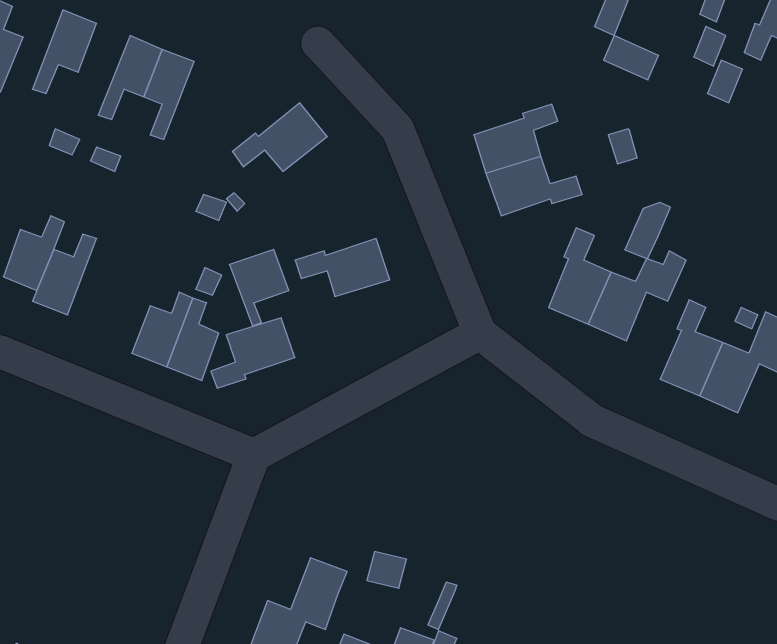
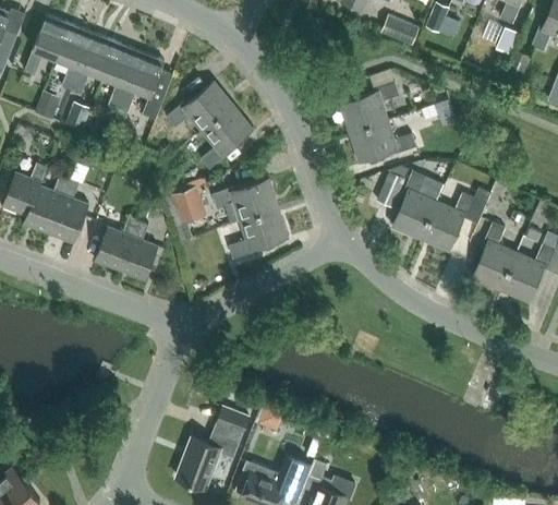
building: none -> [57,25,94,91]
building: [604,36,659,80] -> [380,14,420,46]
building: none -> [118,52,173,119]
building: none -> [201,106,253,169]
building: [625,202,670,259] -> [376,167,409,207]
building: none -> [49,179,88,243]
building: [211,318,295,388] -> [229,208,289,258]

